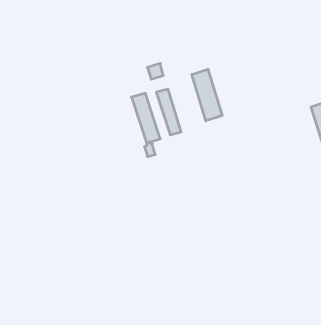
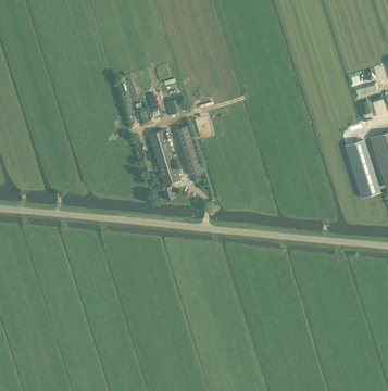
building: [192,69,222,121] -> none

